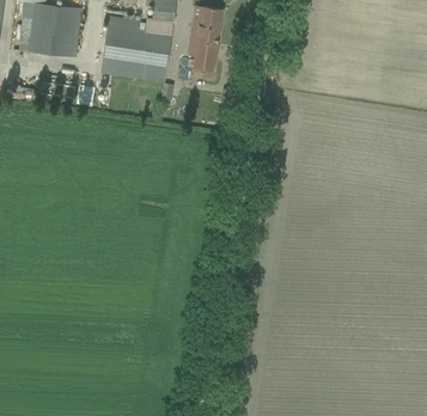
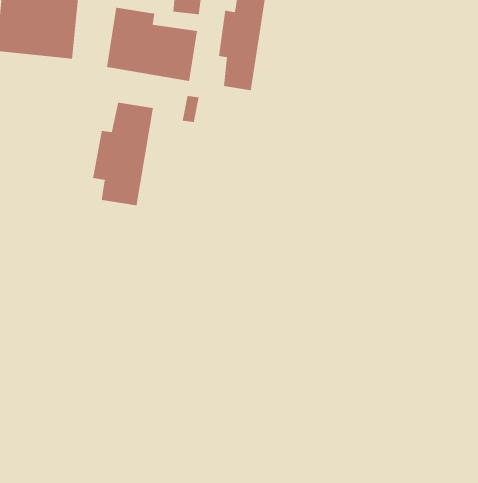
building: none -> [92,102,154,206]

